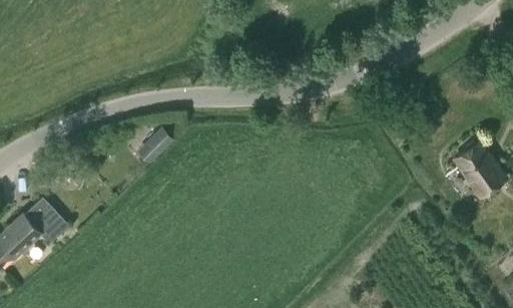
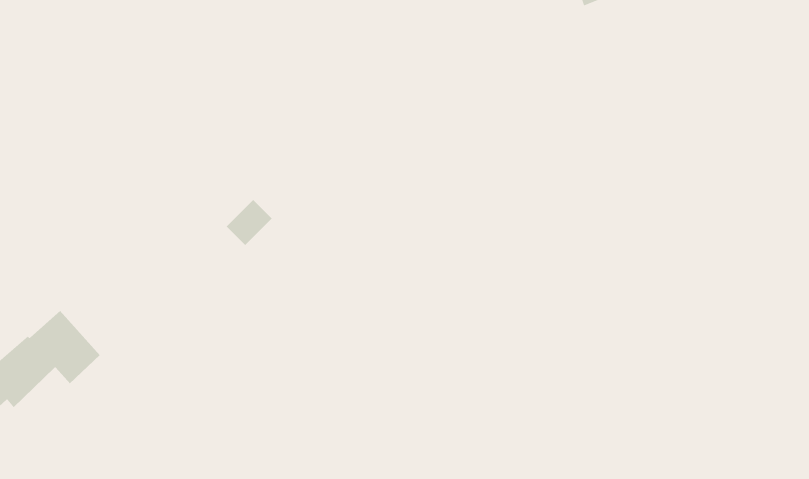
building: [454,142,504,198] -> none

